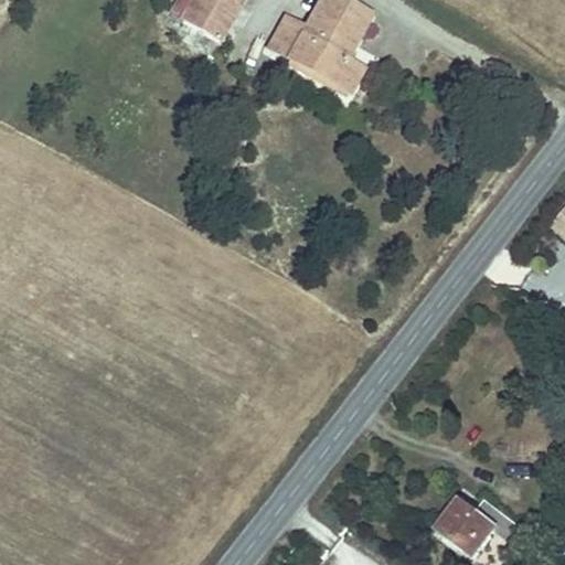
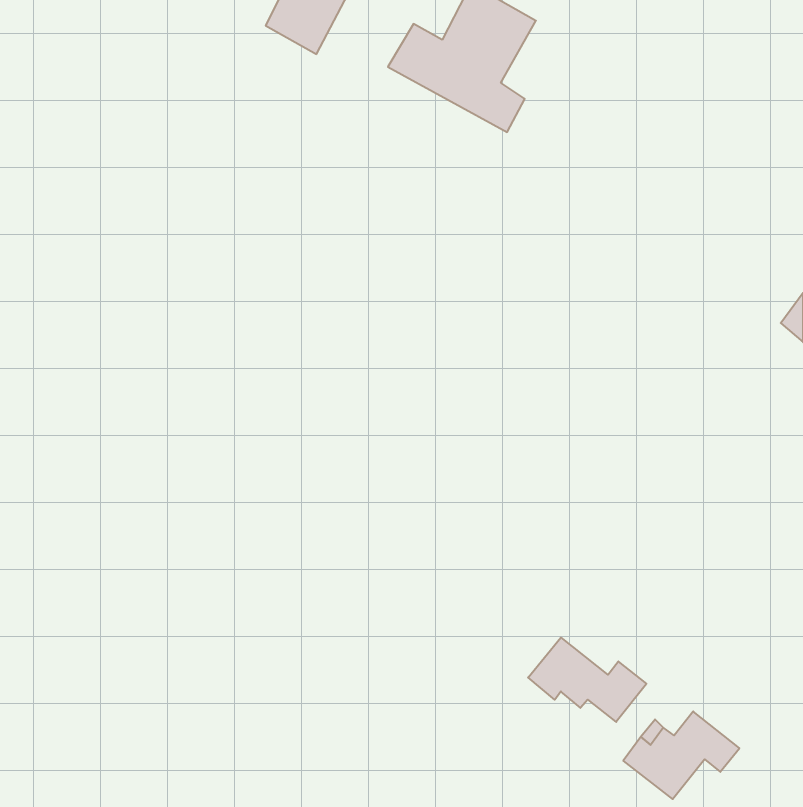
building: none -> [528,638,646,722]

